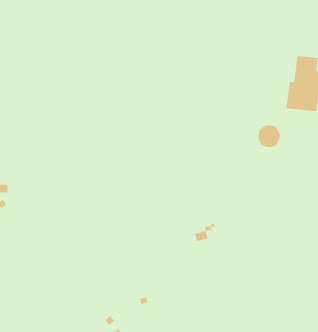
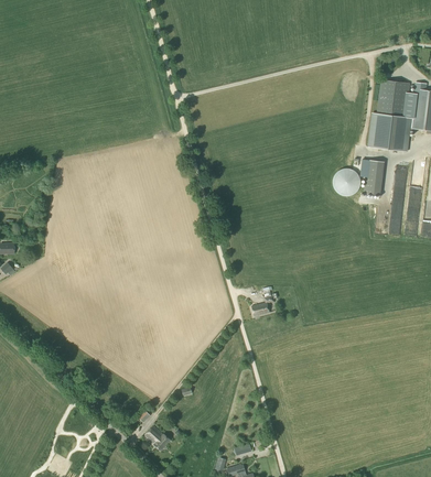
building: none -> [364,156,385,192]

